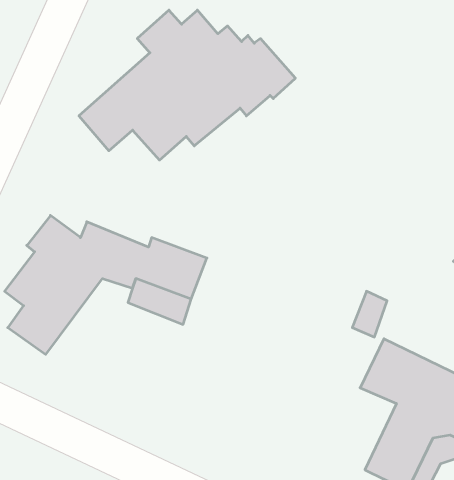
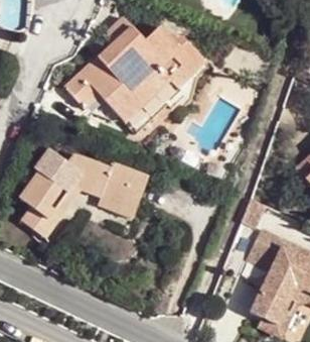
building: none -> [119,80,181,132]

